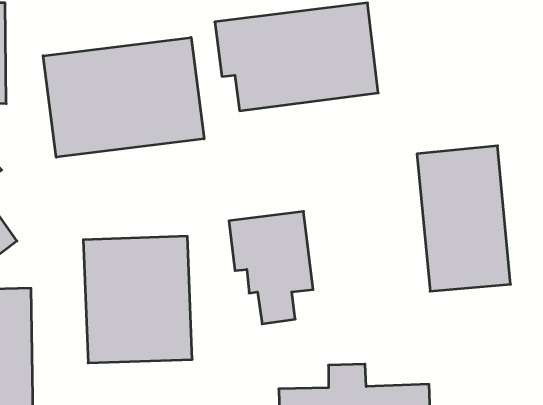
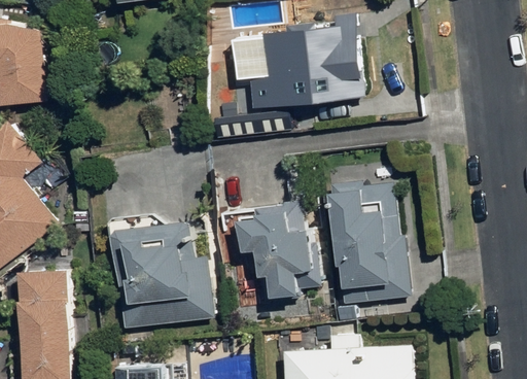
building: [43,37,204,157] -> none
building: [417,146,511,291] -> [327,184,409,311]

